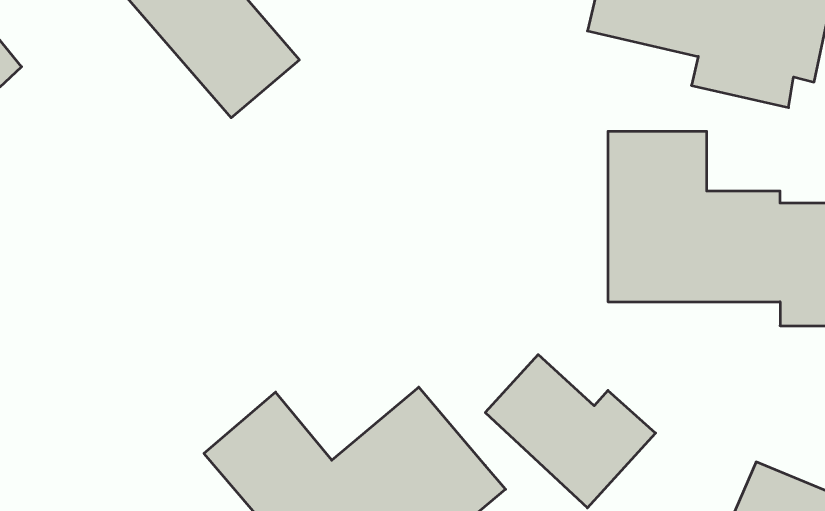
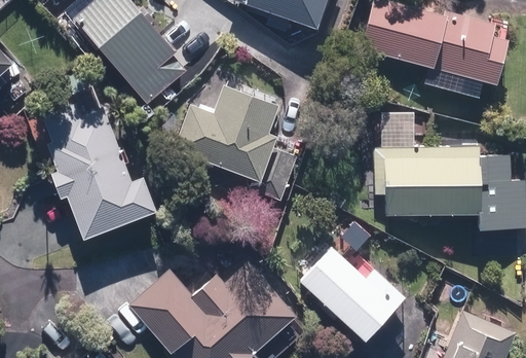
building: none -> [177,80,296,203]
building: none -> [44,107,157,242]

